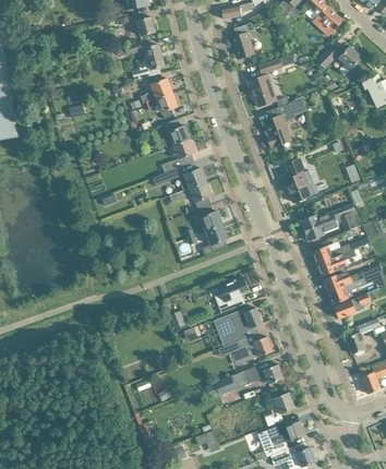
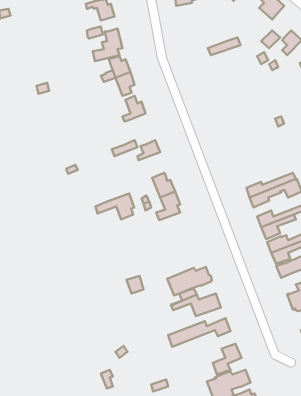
building: [231,22,255,59] -> none
building: [248,73,277,107] -> none
building: [264,101,295,147] -> none
building: [162,137,195,172] -> none
building: [286,158,318,202] -> none
building: [169,180,212,208] -> [95,194,134,219]
building: [215,275,249,312] -> none

